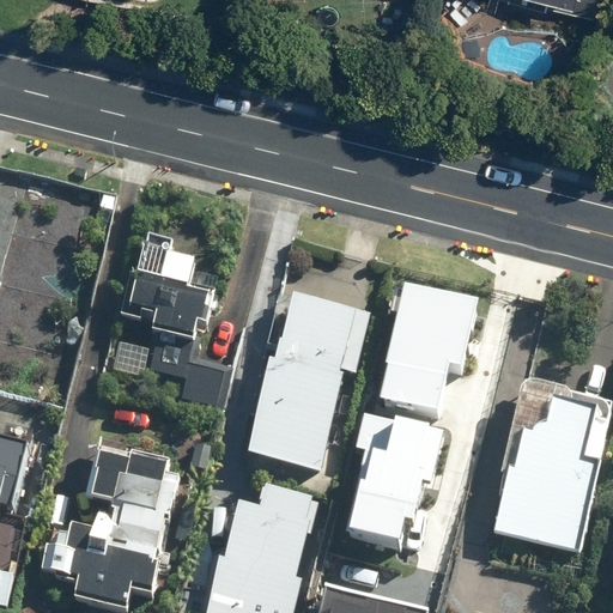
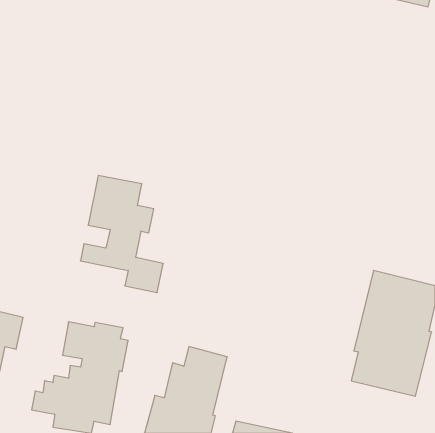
building: [376,275,478,405] -> none
building: [248,296,364,473] -> none
building: [346,408,442,534] -> none

